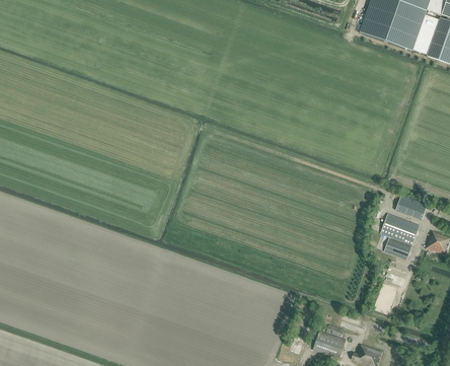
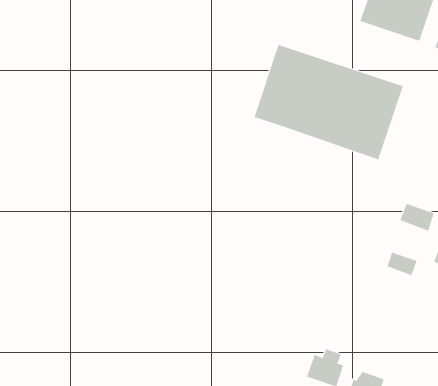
building: none -> [254,44,404,160]
building: [380,212,420,243] -> none

